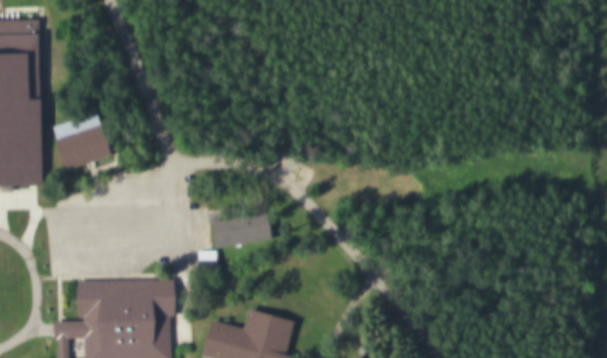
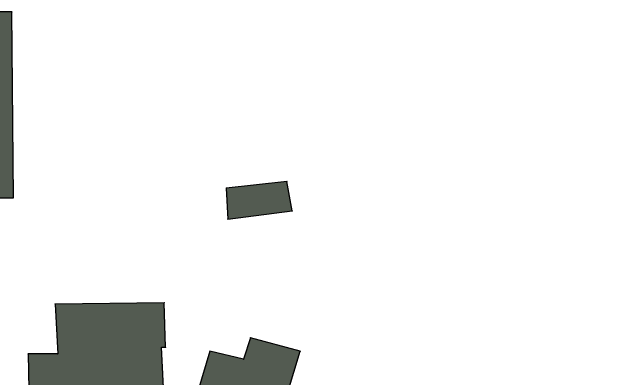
building: [46,110,111,172] -> none
building: [209,213,267,247] -> [226,181,292,219]

